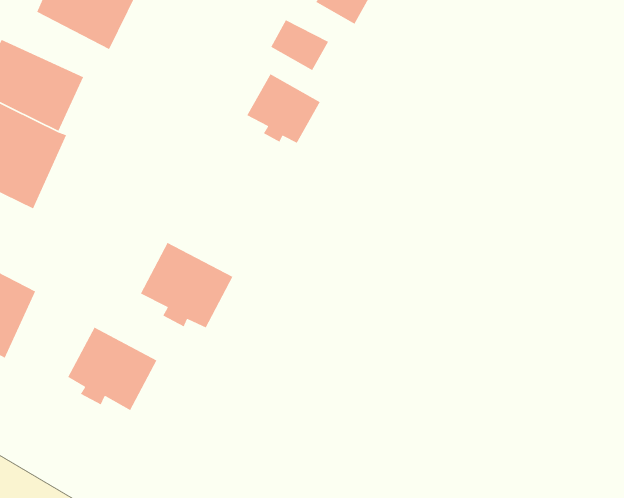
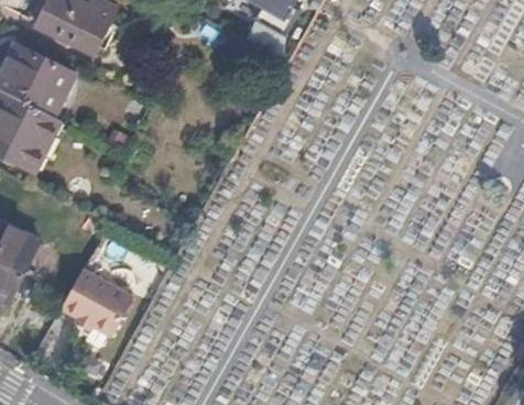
building: [246,73,321,144] -> none
building: [140,242,233,329] -> none

